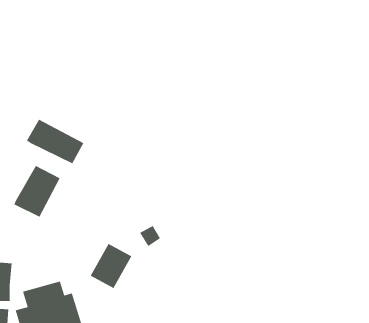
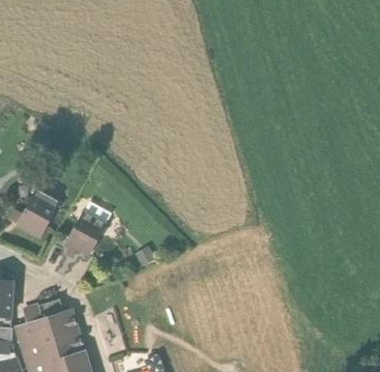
building: [26,119,84,164] -> none
building: [90,243,132,289] -> [66,213,107,257]

